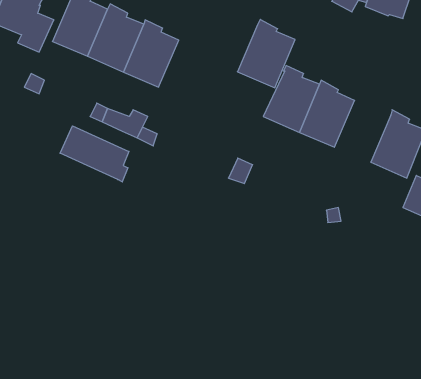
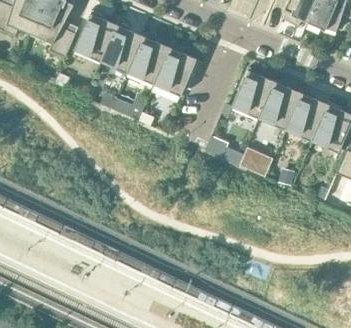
building: [237,19,295,88] -> [154,42,197,93]
building: none -> [285,87,327,137]
building: [60,126,129,182] -> none
building: none -> [240,146,274,176]

